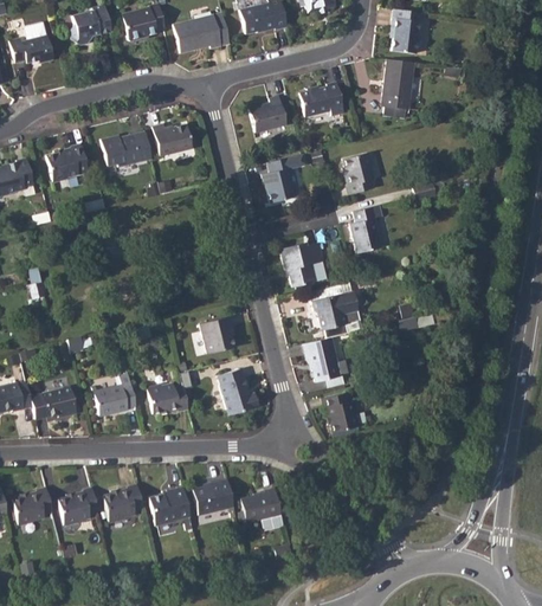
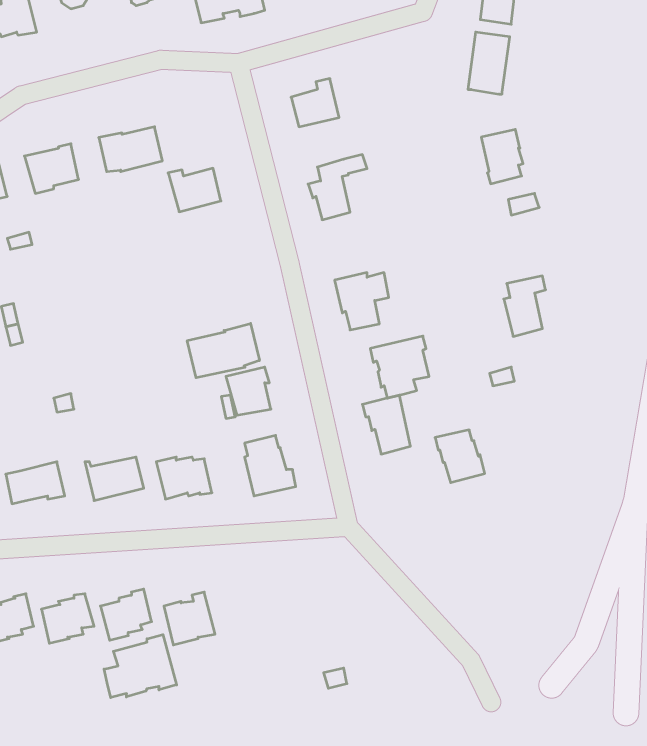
building: [298,80,342,115] -> none
building: [153,123,193,156] -> [168,168,221,212]
building: [343,153,375,194] -> [481,129,523,184]
building: [351,206,383,252] -> [504,276,546,336]
building: none -> [187,323,259,378]
building: [322,393,360,433] -> [435,430,485,483]
building: [193,479,233,516] -> none
building: [239,488,284,530] -> none
building: none -> [104,635,177,698]

